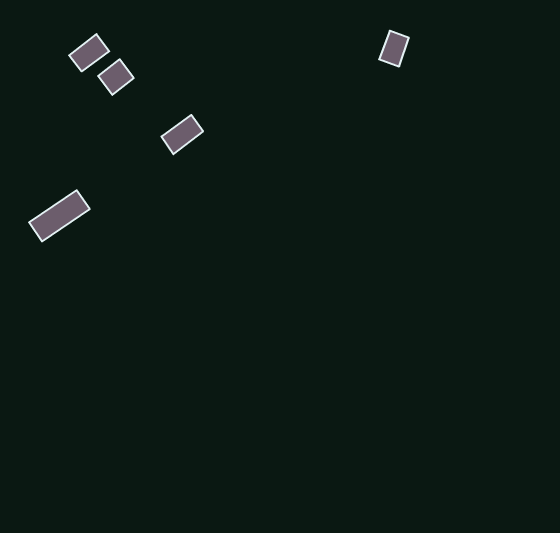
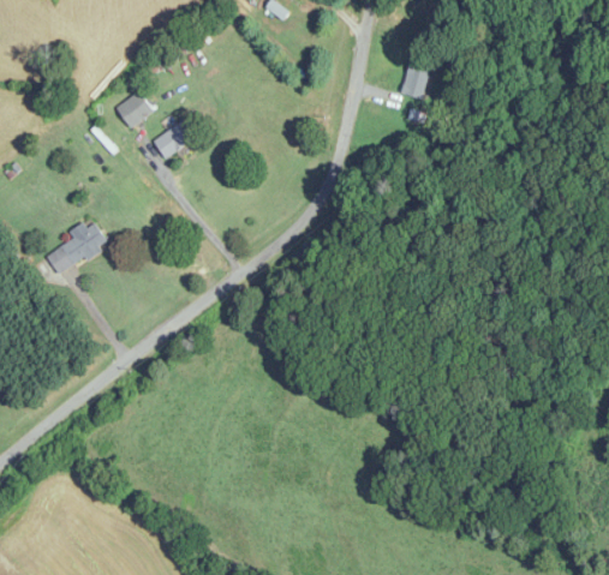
building: [69,34,109,71] -> none
building: [161,115,203,154] -> [154,119,196,158]

